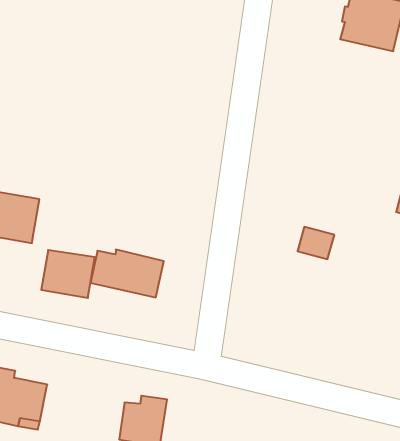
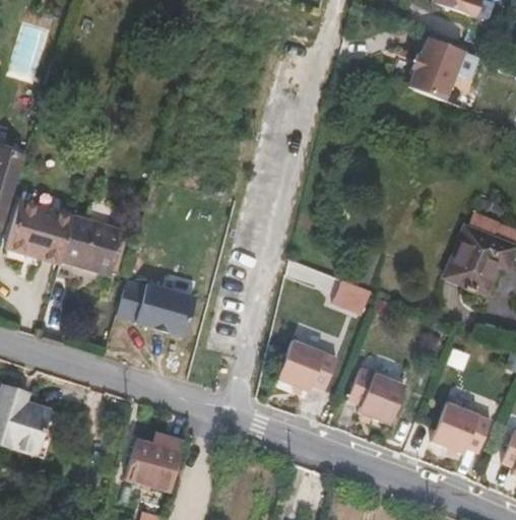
building: [41,250,95,298] -> [62,217,122,272]
building: none -> [277,341,337,393]
building: none -> [348,368,405,425]

